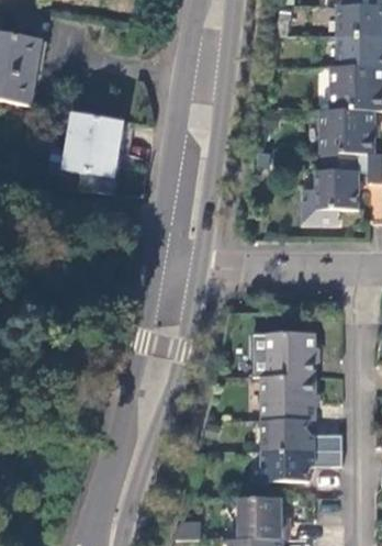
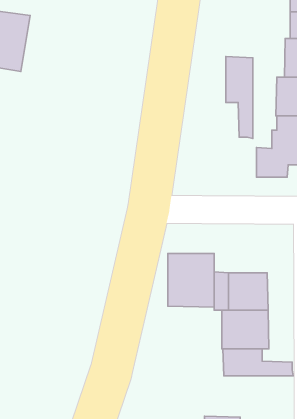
building: none -> [226,57,253,138]
building: [65,110,124,191] -> none
building: none -> [168,253,214,307]
building: [262,449,341,480] -> none

